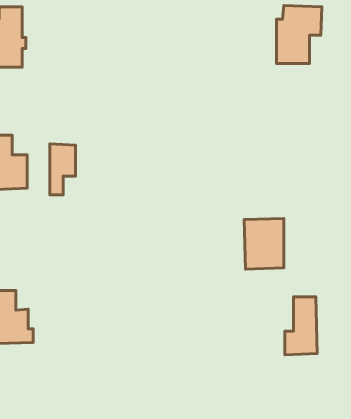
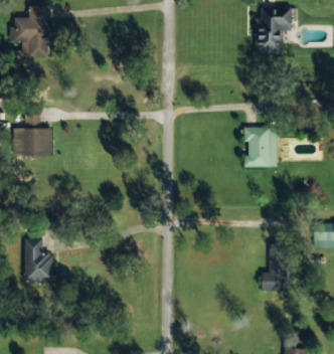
building: [50,144,75,195] -> none
building: [244,218,284,269] -> [244,126,277,167]

